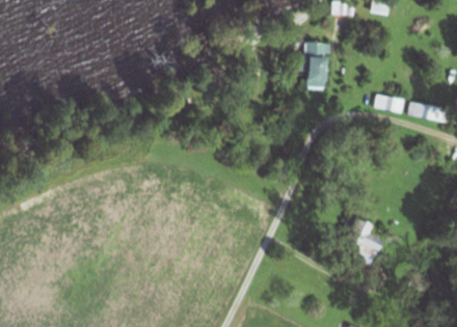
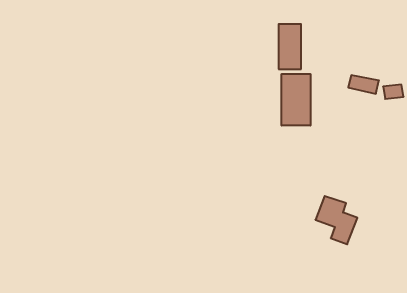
building: none -> [282,74,310,126]

